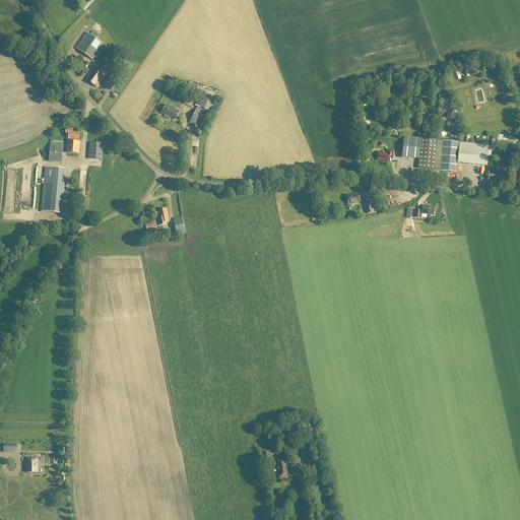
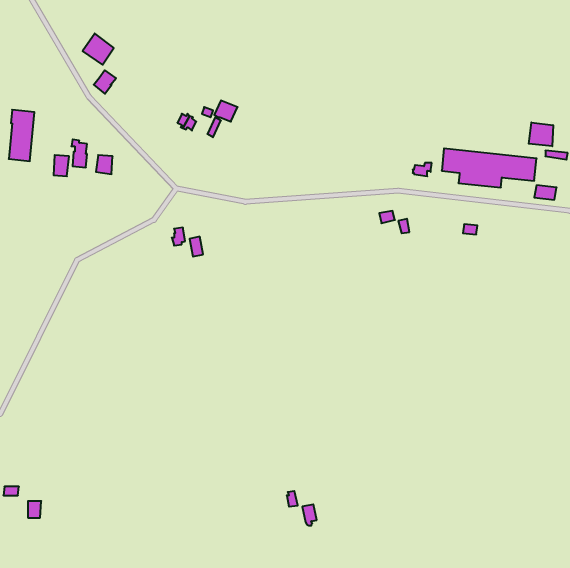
building: none -> [529,122,553,146]
building: [42,166,65,212] -> [9,110,34,161]

